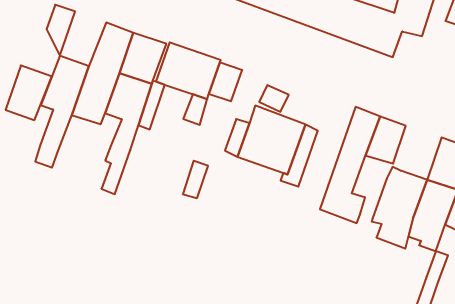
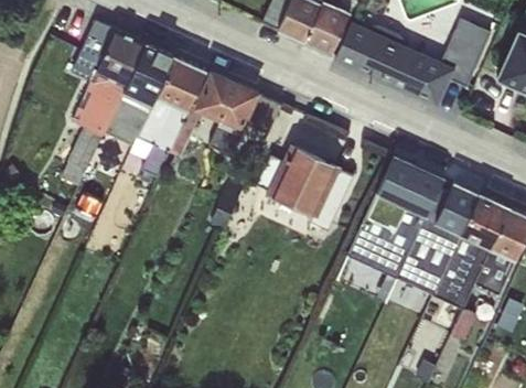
building: [6,65,52,120] -> [96,30,147,87]
building: none -> [433,183,479,236]
building: none -> [372,205,427,303]

